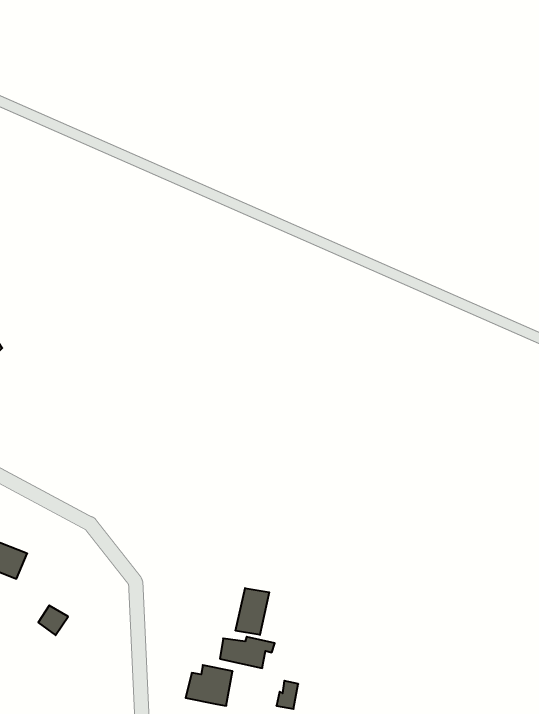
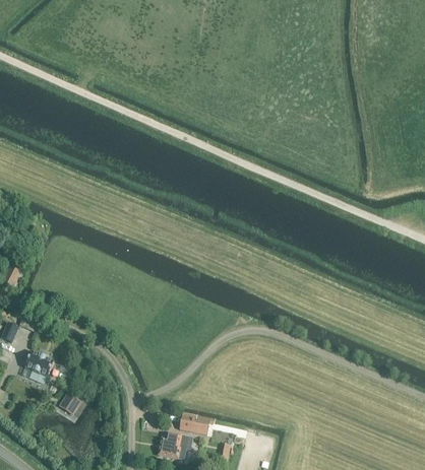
building: [236,588,269,635] -> none

